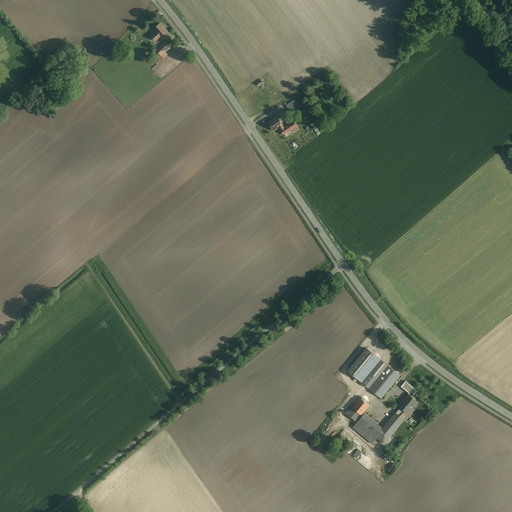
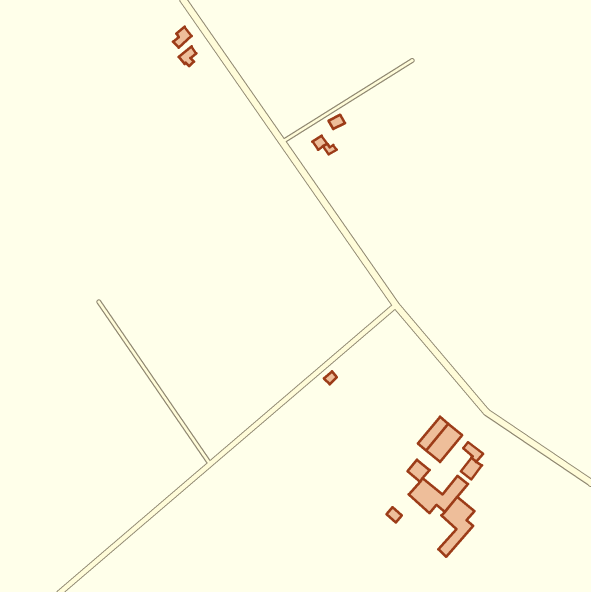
building: [345,348,379,383] -> none
building: none -> [438,497,474,557]

